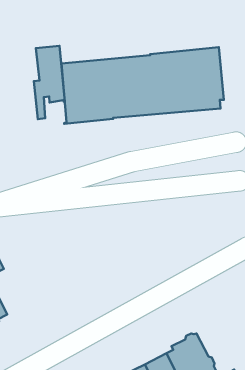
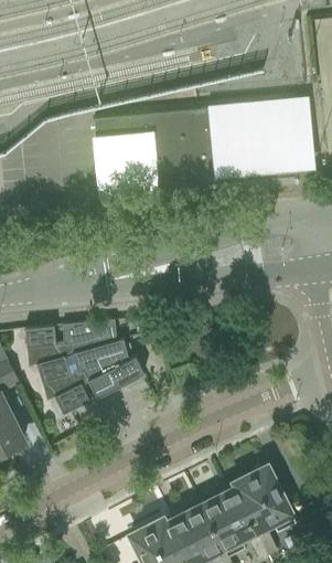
building: [34,46,65,119] -> none
building: none -> [28,320,143,416]

